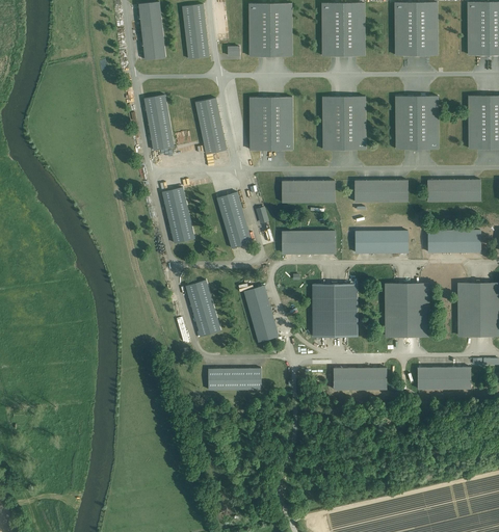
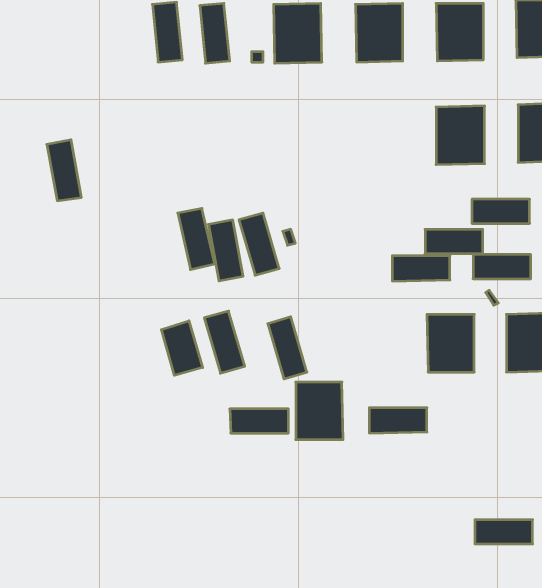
building: [143,95,175,150] -> [47,140,81,201]
building: [322,96,365,148] -> none
building: [194,97,226,152] -> [208,220,243,281]
building: [248,98,291,150] -> none
building: [354,179,406,201] -> [425,229,483,254]
building: [282,180,334,202] -> none
building: [282,230,334,252] -> none
building: [312,285,354,337] -> [296,382,343,440]
building: none -> [161,321,203,375]
building: [417,367,469,389] -> [475,520,533,544]

